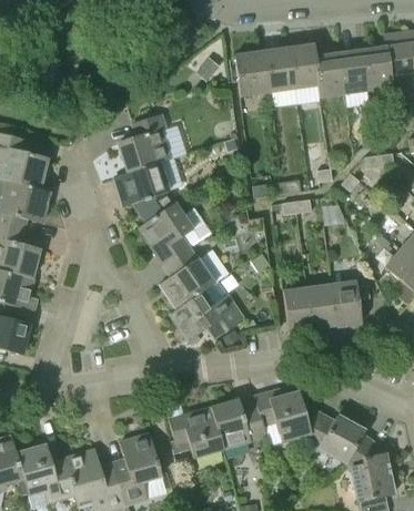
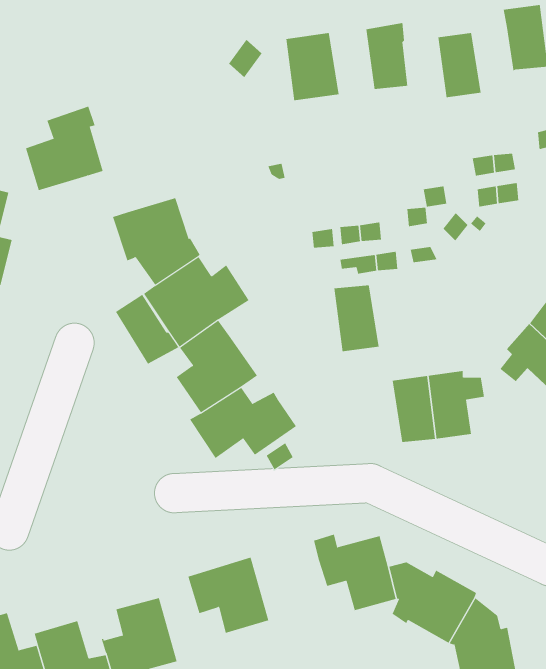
building: [362,47,393,91] -> none
building: [265,48,295,92] -> none
building: [315,53,344,98] -> none
building: [119,114,172,172] -> [25,106,104,191]
building: none -> [115,294,179,365]
building: [283,286,314,331] -> [334,285,379,352]
building: [212,399,267,449] -> none

